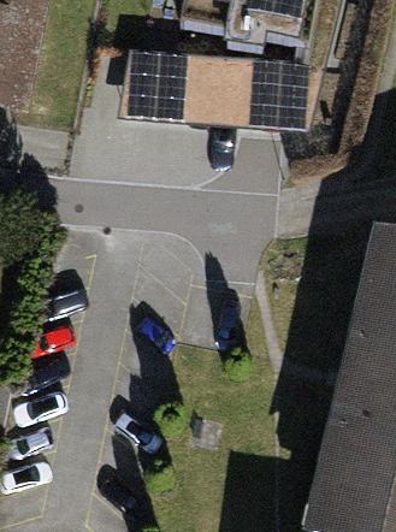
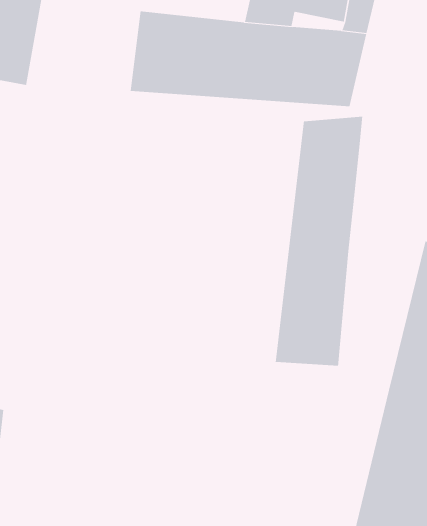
building: none -> [275,116,363,366]

